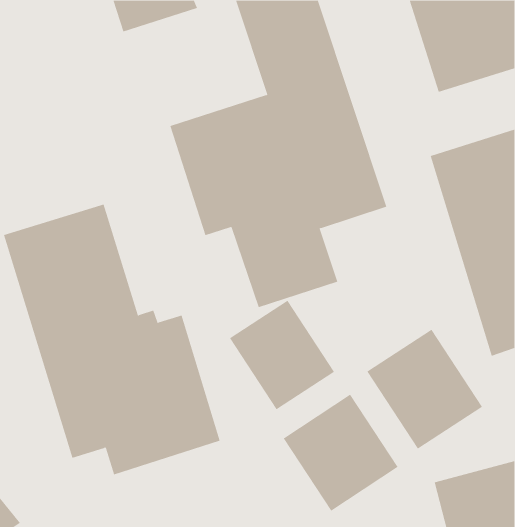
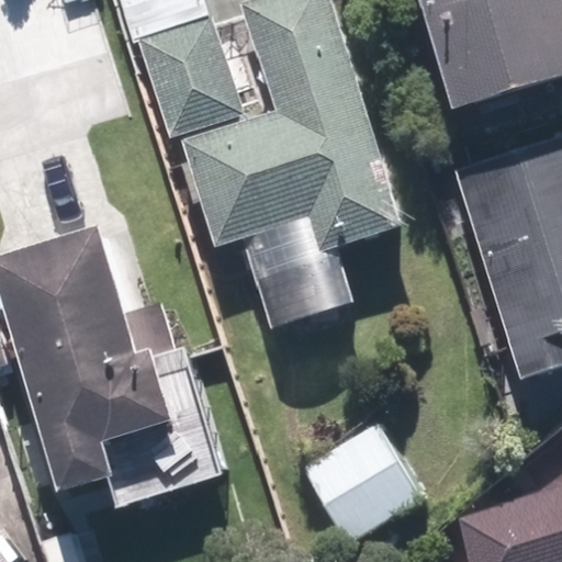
building: none -> [134,20,239,137]
building: [229,300,335,410] -> none
building: [366,329,483,449] -> none

